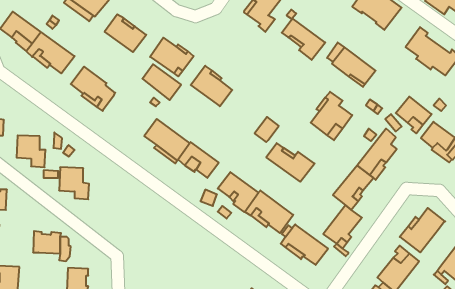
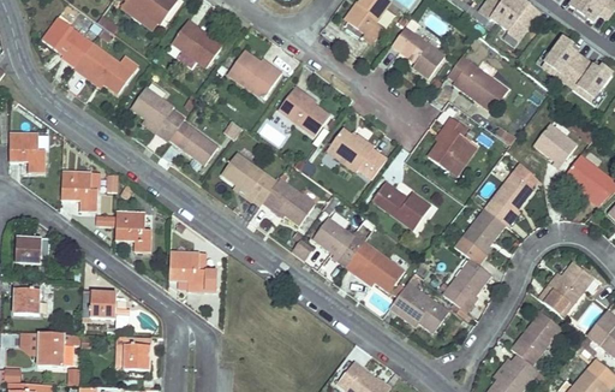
building: [142,64,181,100] -> [169,120,217,165]
building: none -> [326,126,374,171]
building: none -> [168,251,217,291]

